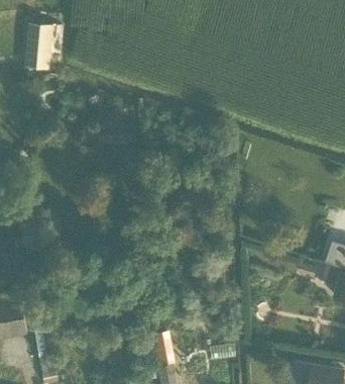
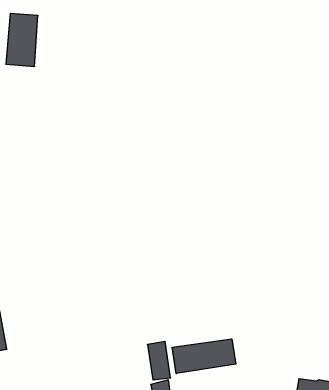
building: none -> [172,339,236,374]

